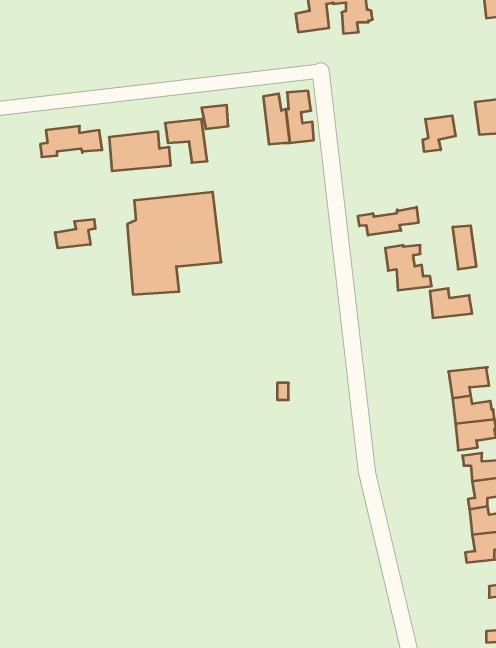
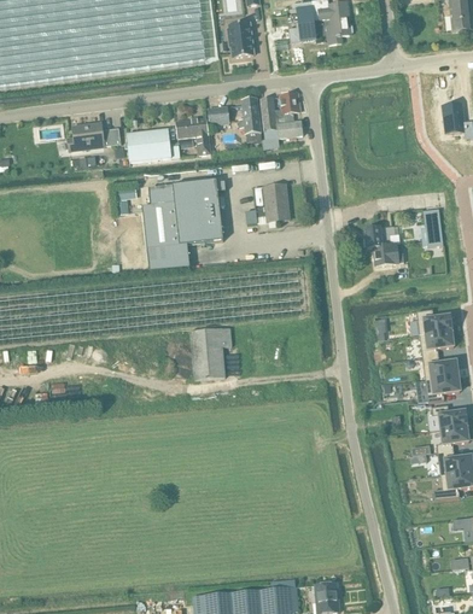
building: none -> [228,22,253,55]
building: none -> [239,98,261,133]
building: [423,116,456,152] -> none
building: none -> [256,183,290,221]
building: [358,207,418,235] -> none
building: [55,219,95,248] -> none
building: [430,288,472,318] -> [416,309,452,334]
building: none -> [189,327,232,379]

